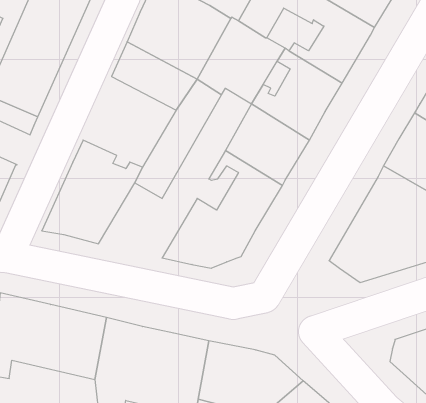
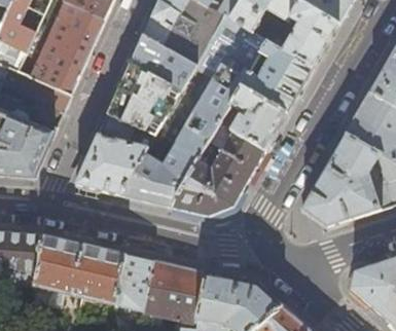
building: none -> [107,63,181,135]
building: none -> [119,72,241,207]

